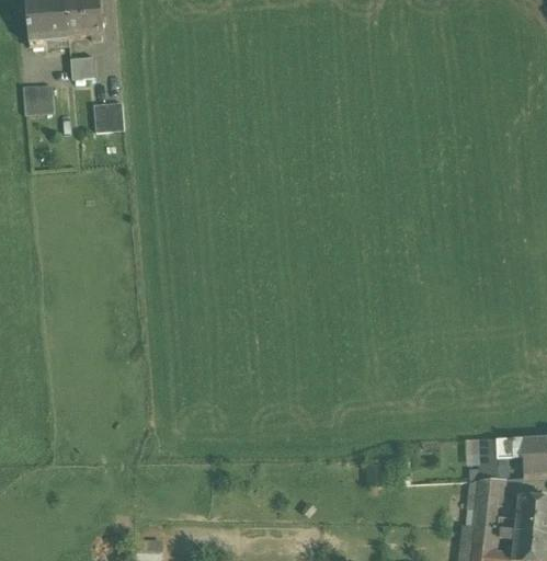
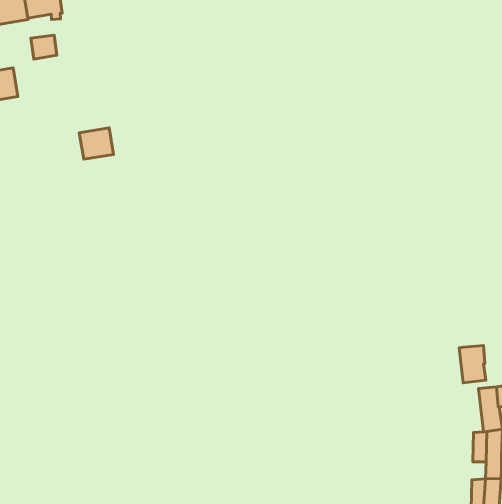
building: [92,102,124,130] -> [79,128,114,159]
building: none -> [459,345,486,383]

